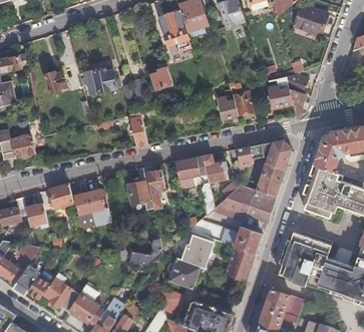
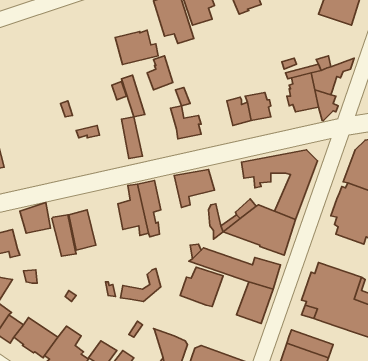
building: [85,65,120,93] -> [115,30,158,65]
building: [44,69,68,93] -> none
building: [203,153,228,181] -> [171,106,201,139]
building: [168,258,201,289] -> none

